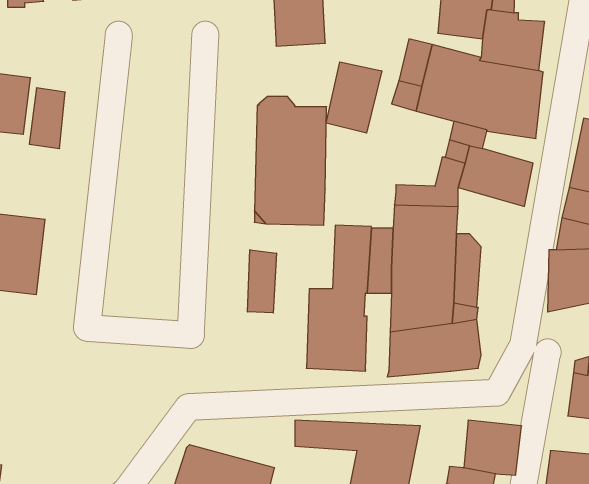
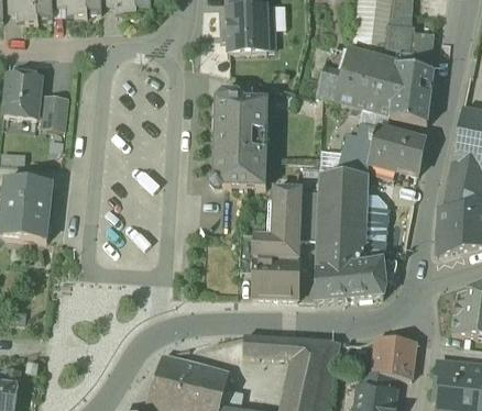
building: [326,62,382,133] -> none
building: [248,250,276,313] -> none

